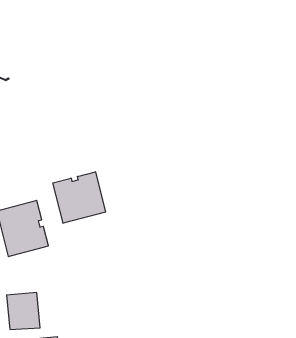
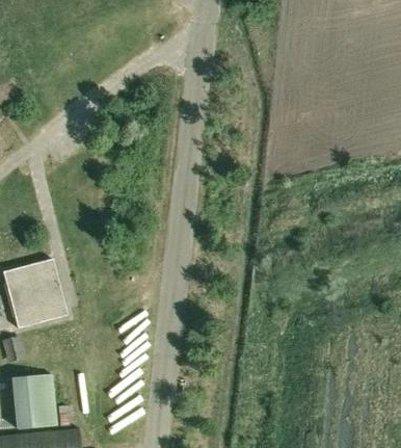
building: [53,172,106,223] -> none

